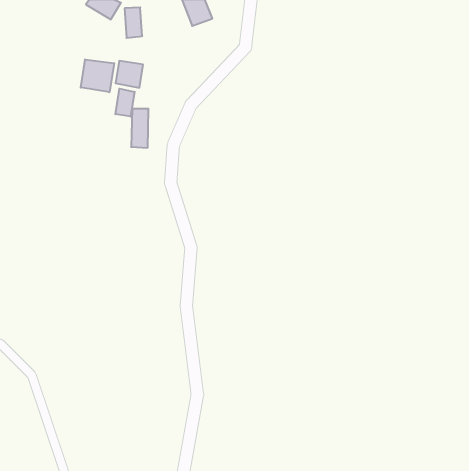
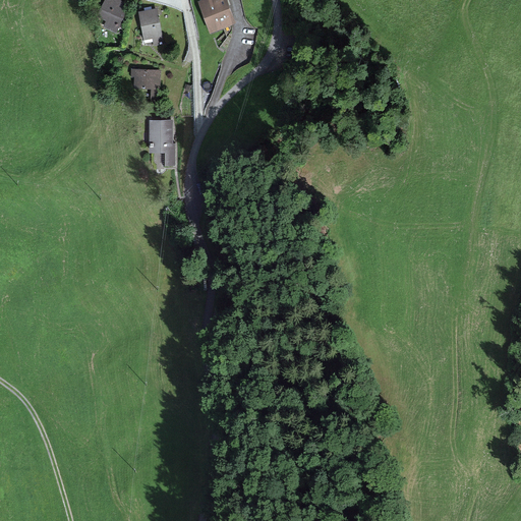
building: [81,59,114,92] -> none
building: [115,89,135,117] -> none

